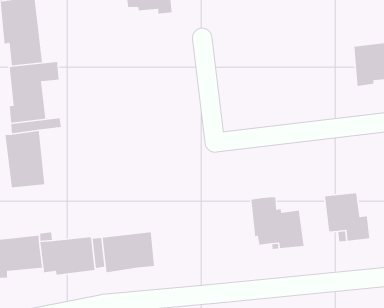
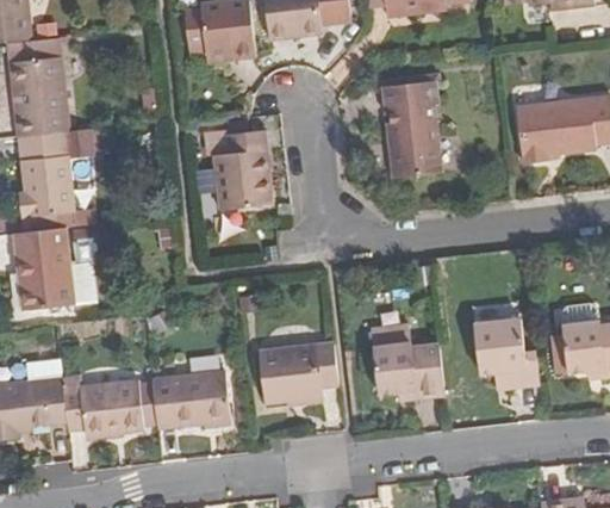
building: none -> [379,81,442,178]
building: none -> [219,131,275,209]
building: none -> [261,345,341,405]

